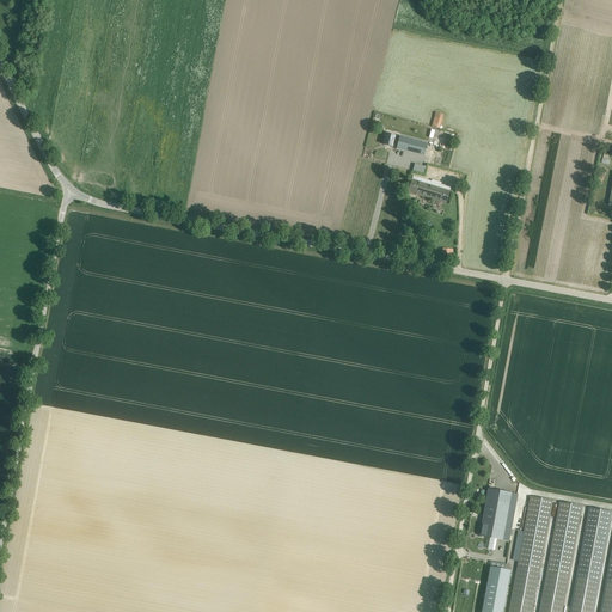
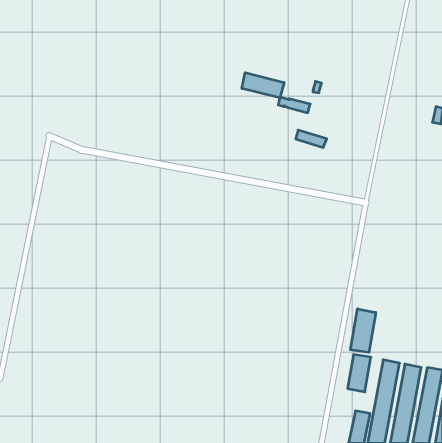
building: none -> [242,73,284,98]
building: none -> [350,309,376,352]

